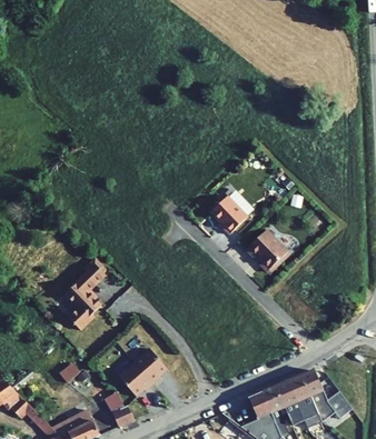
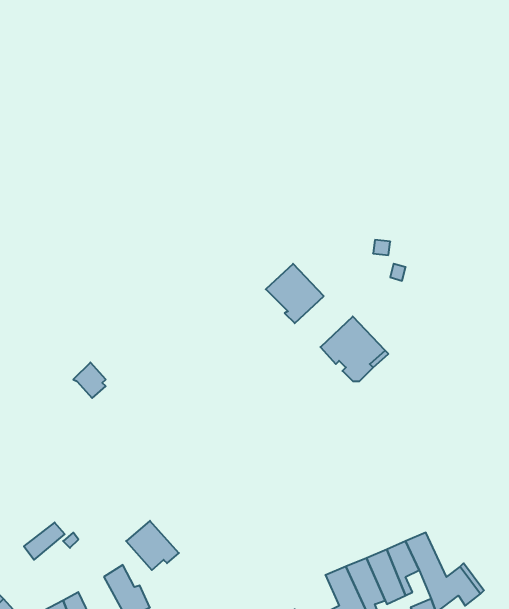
building: [66,279,101,329] -> none
building: [135,348,167,383] -> none

